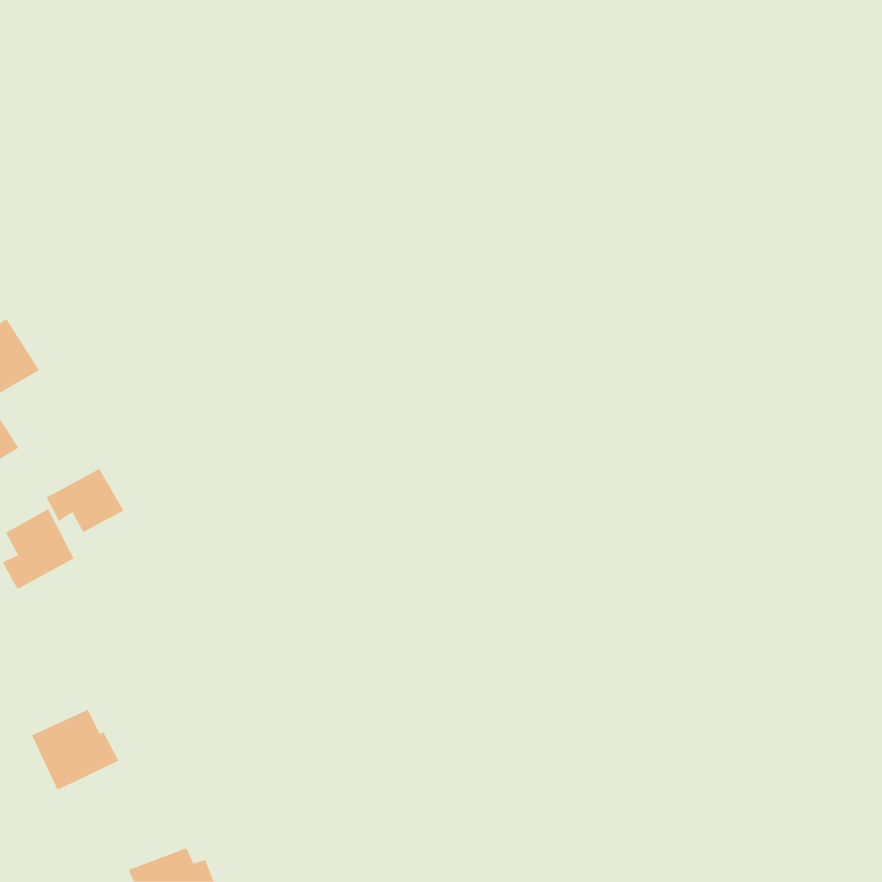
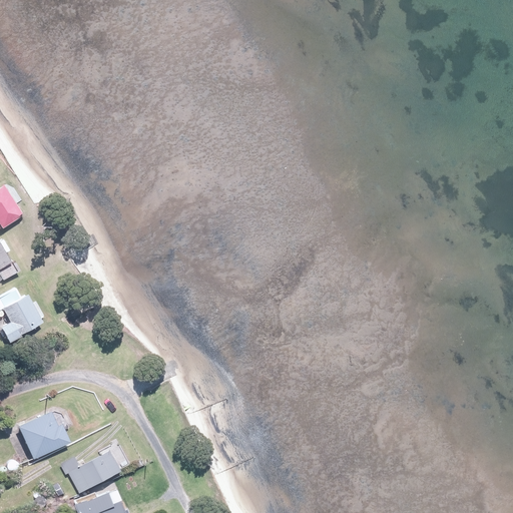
building: [46,468,124,533] -> none
building: none -> [63,449,121,492]

